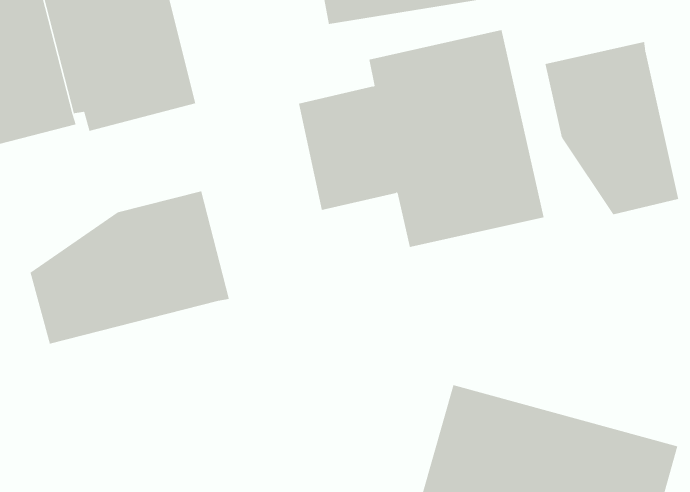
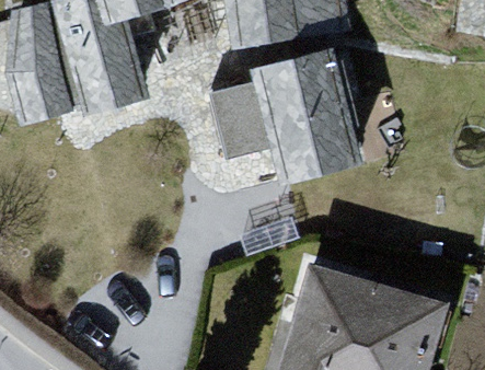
building: [545,41,679,215] -> none
building: [30,190,229,344] -> none

